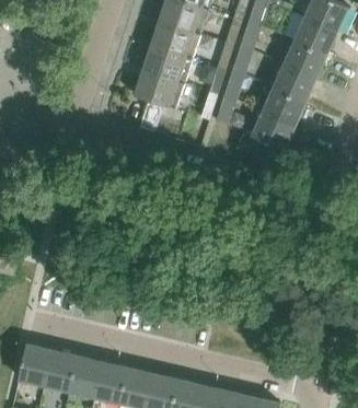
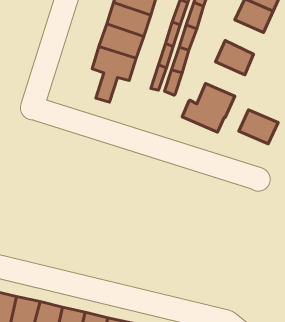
building: [284,40,326,79] -> none
building: [262,88,305,126] -> [239,110,278,144]

